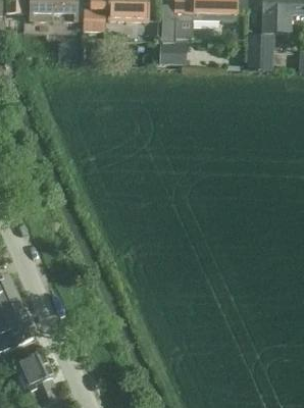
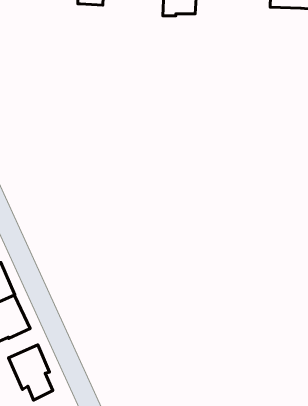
building: [246,33,271,64] -> none
building: [158,43,186,64] -> none

